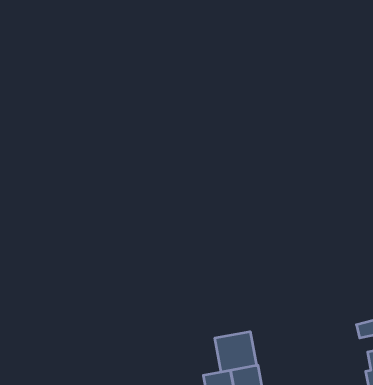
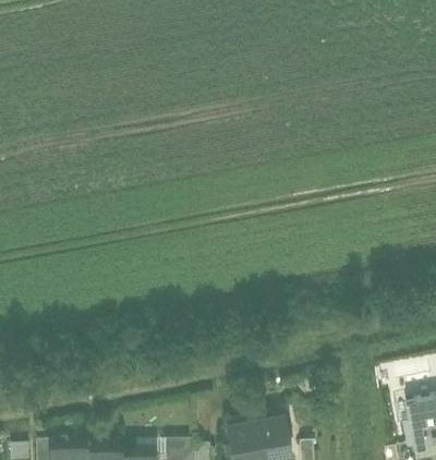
building: [215,332,256,372] -> none

